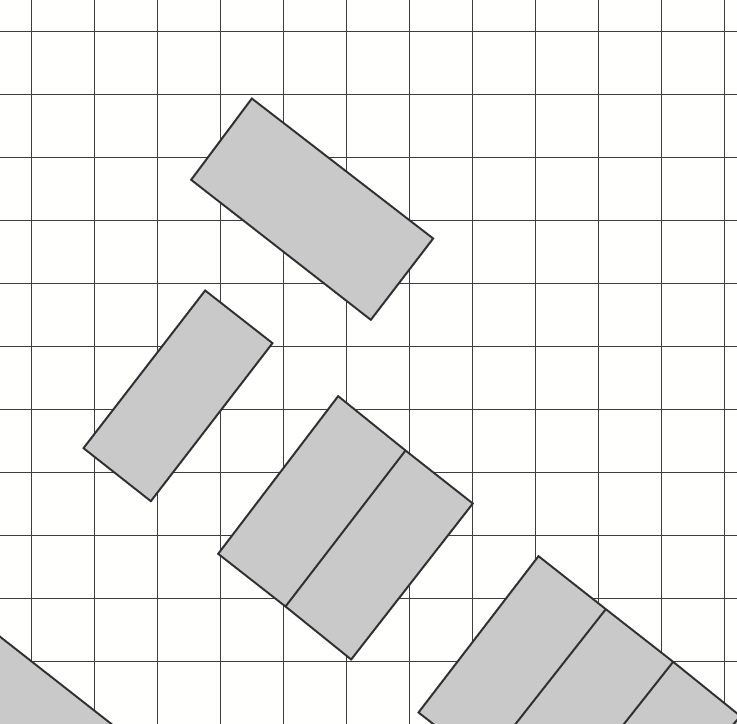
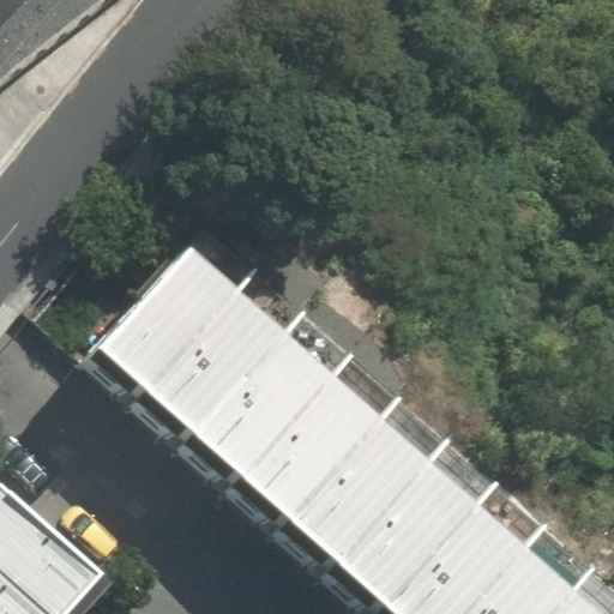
building: [191,99,433,320] -> none
building: none -> [140,287,287,443]
building: none -> [283,417,429,572]

